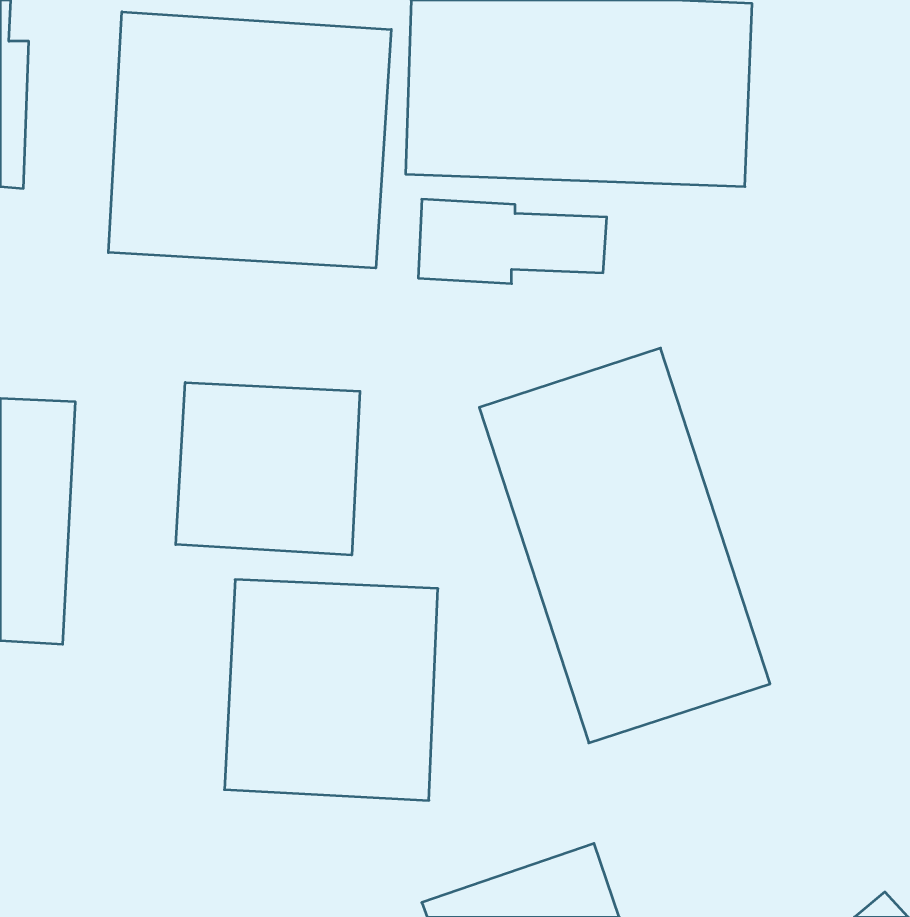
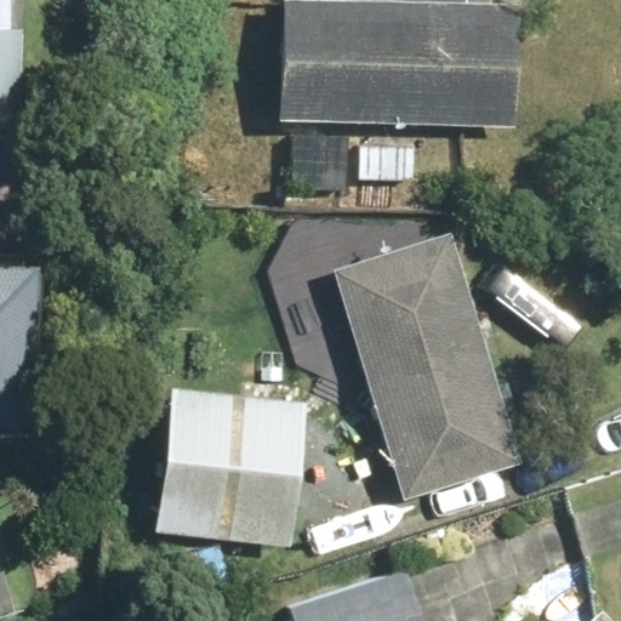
building: [108,12,391,268] -> none
building: [176,382,360,555] -> none

